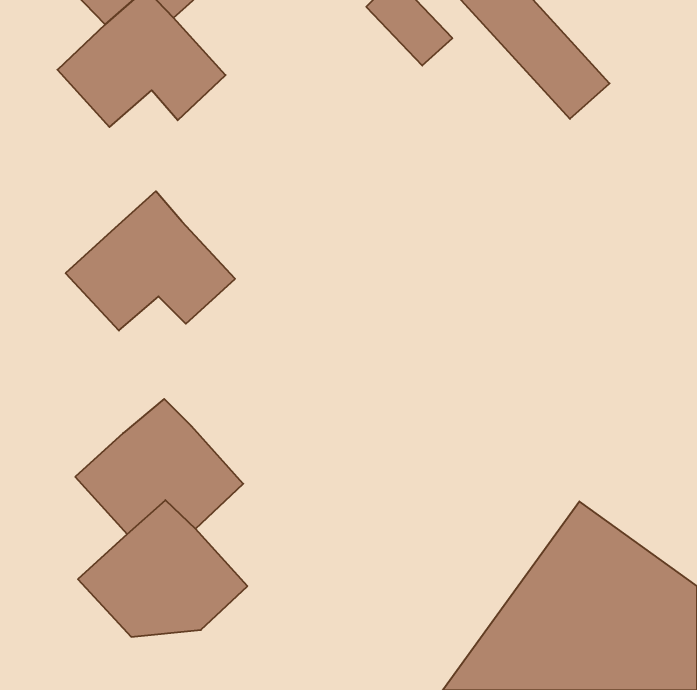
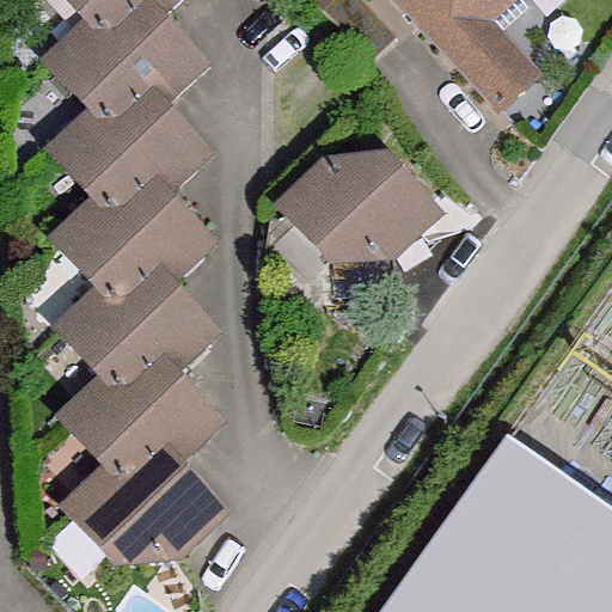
building: none -> [54,79,202,200]
building: none -> [284,163,432,258]
building: none -> [61,259,209,379]

